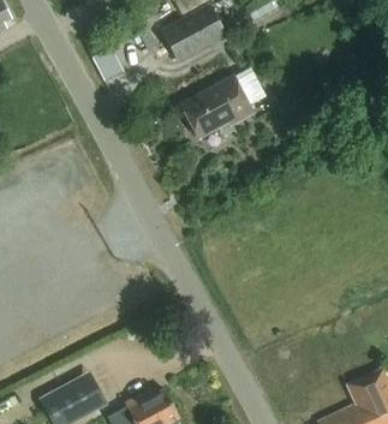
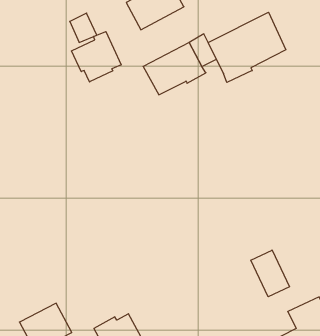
building: none -> [208,12,286,82]
building: none -> [72,32,121,82]
building: none -> [251,250,289,297]

